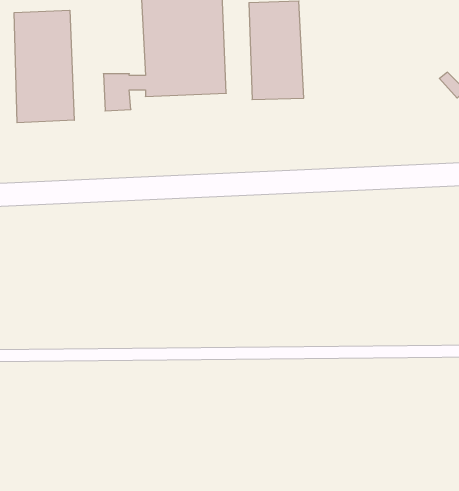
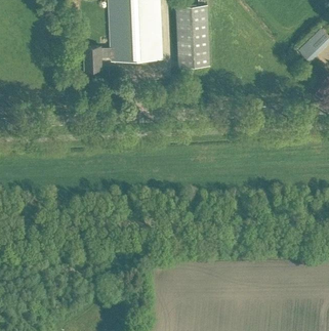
building: [14,10,74,123] -> none

